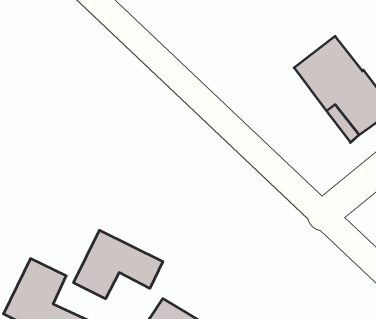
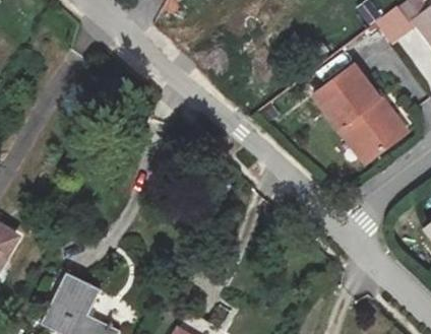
building: [74,230,163,299] -> none

